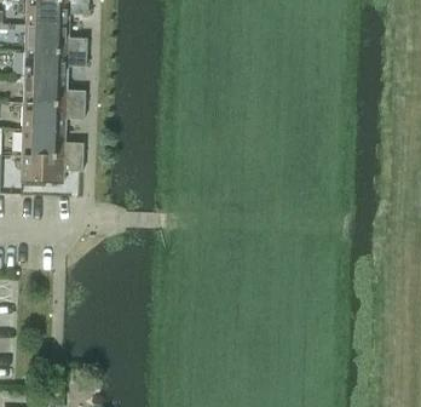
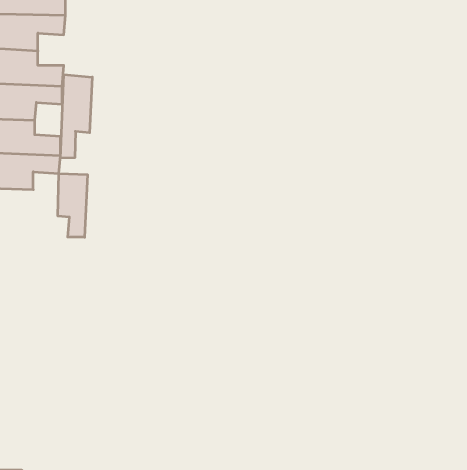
building: none -> [60,75,92,158]
building: none -> [58,173,87,237]

